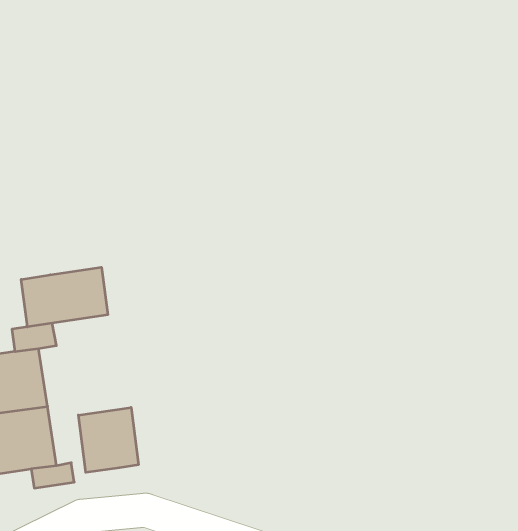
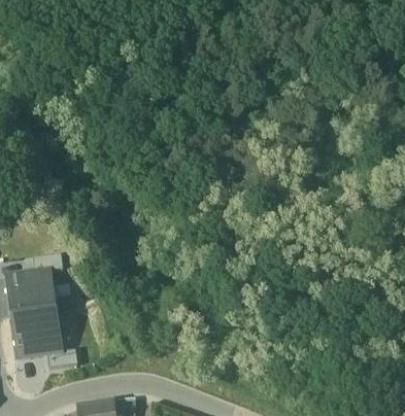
building: [21,267,108,327] -> none
building: [78,407,138,472] -> none

